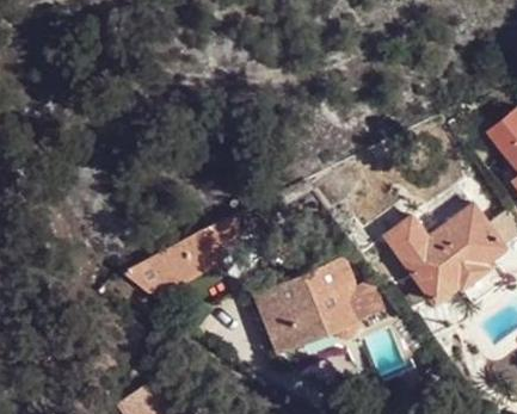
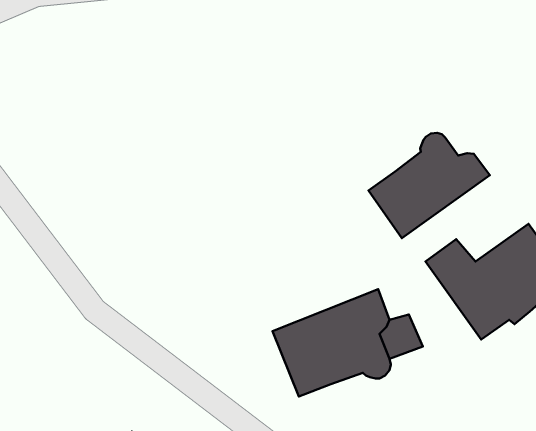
building: none -> [369,133,490,238]
building: [119,216,244,299] -> none

